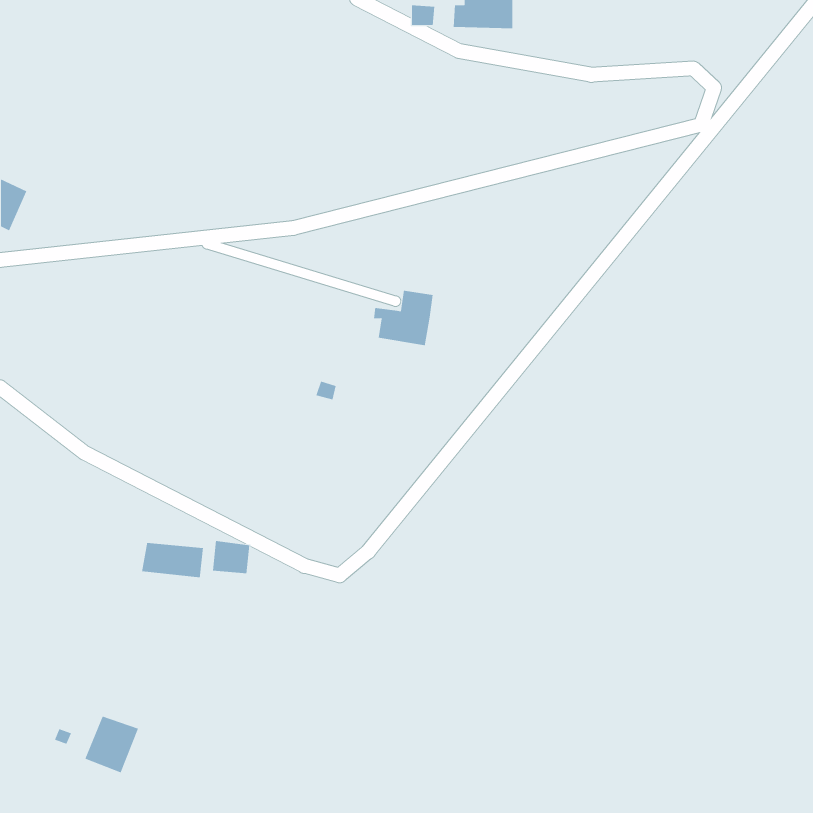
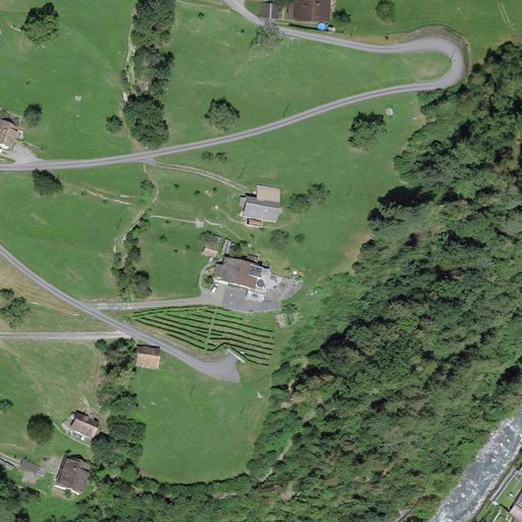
building: none -> [214,259,268,302]
building: [142,542,203,578] -> none
building: none -> [71,412,101,437]

